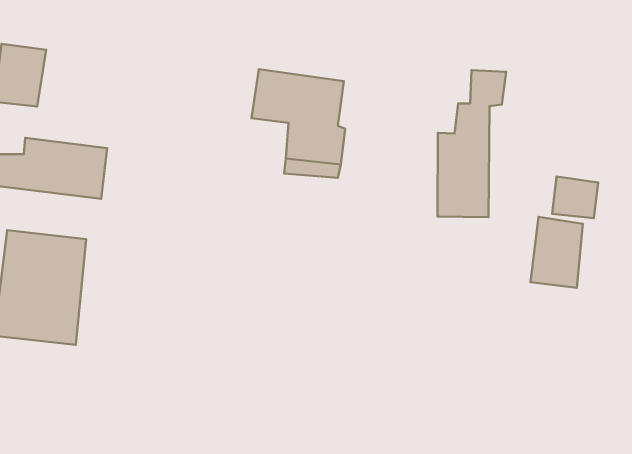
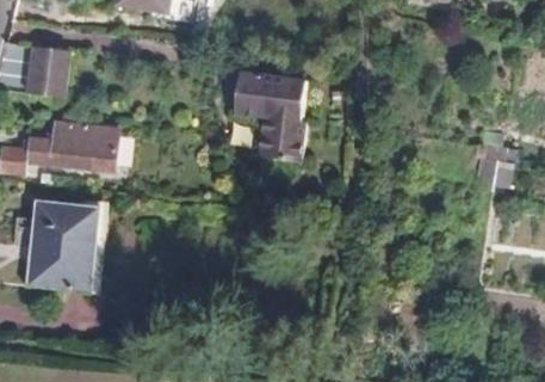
building: [438,70,506,217] -> none
building: [530,217,583,288] -> none

